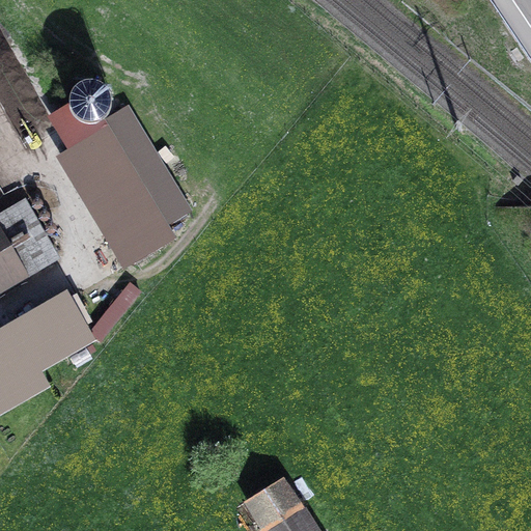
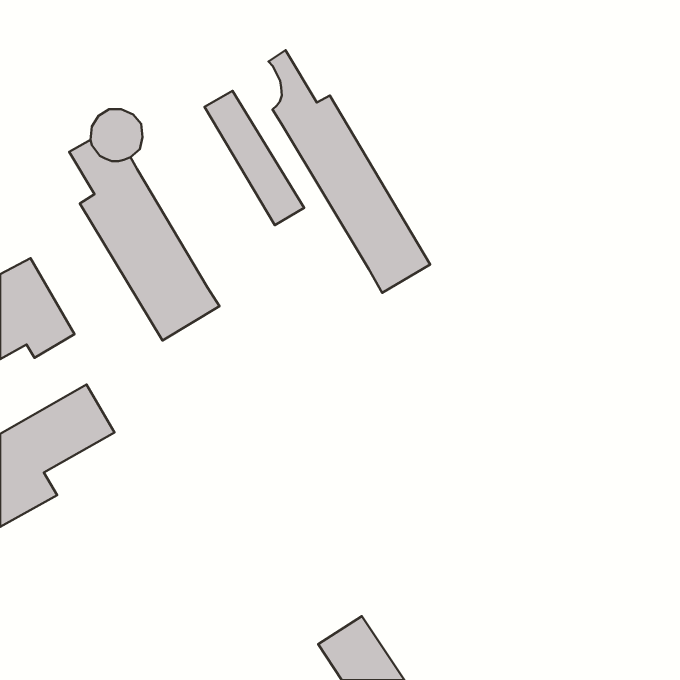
building: none -> [269,50,430,293]
building: [107,119,185,224] -> [204,91,304,225]

